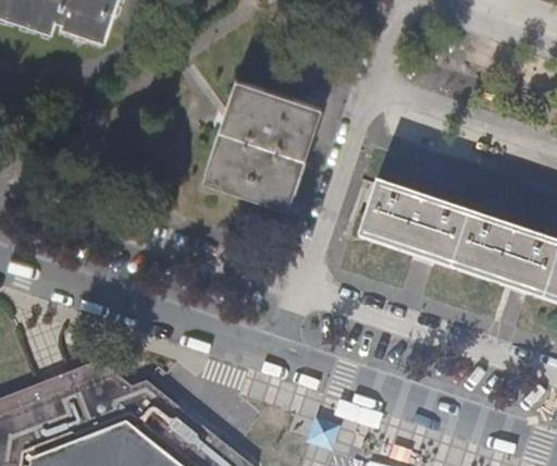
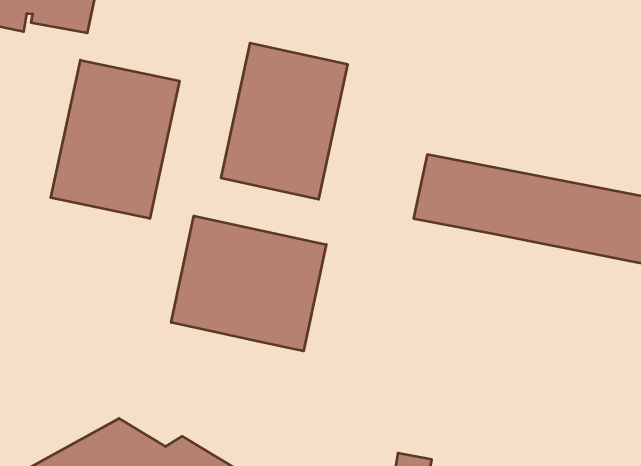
building: none -> [51,60,179,219]
building: none -> [171,216,326,351]

